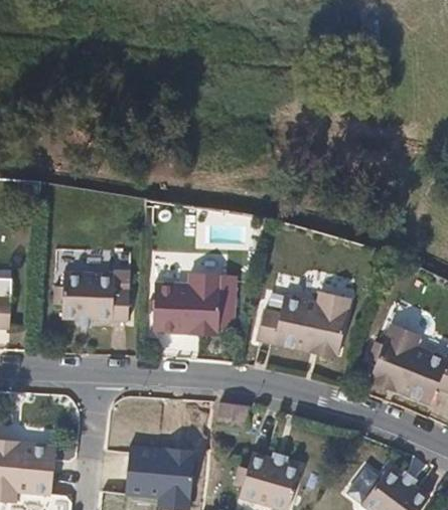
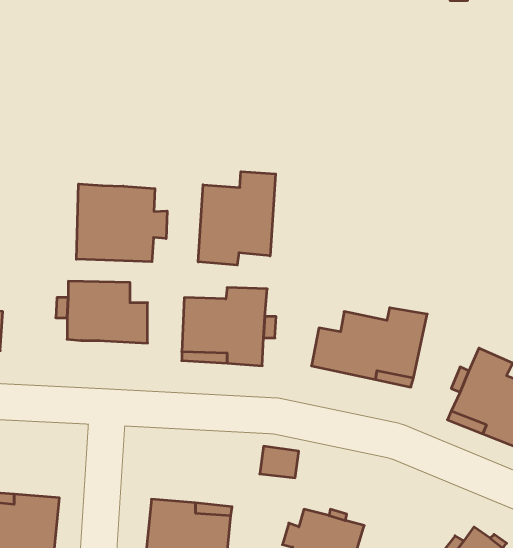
building: none -> [198,172,276,265]
building: none -> [76,184,167,262]

